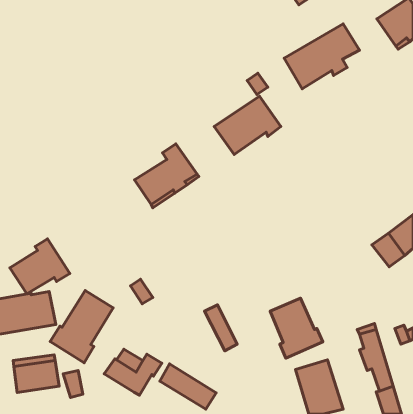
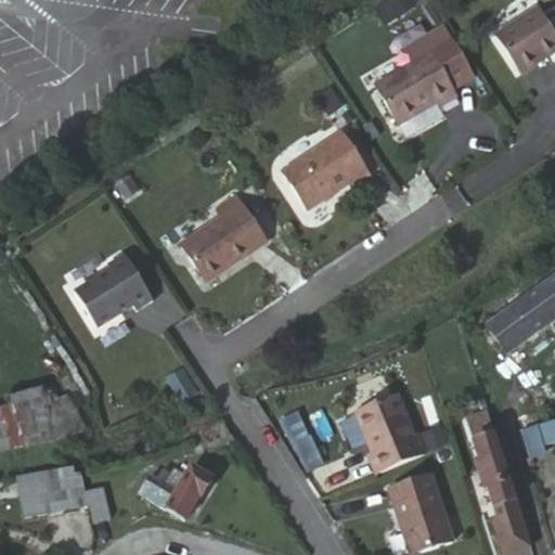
building: [10,239,70,294] -> [73,256,152,328]
building: [50,291,113,363] -> none
building: [160,364,216,409] -> none

